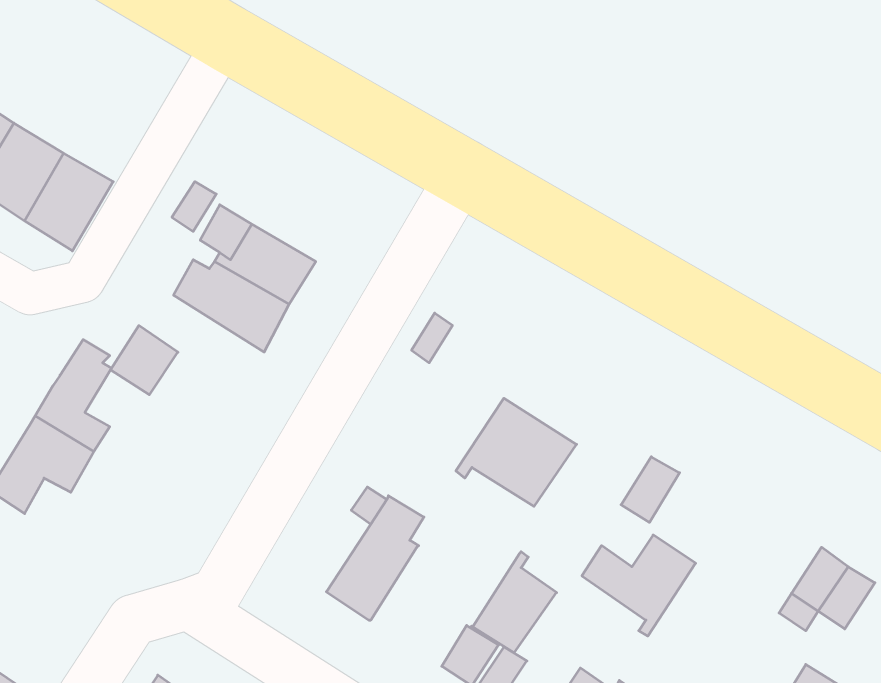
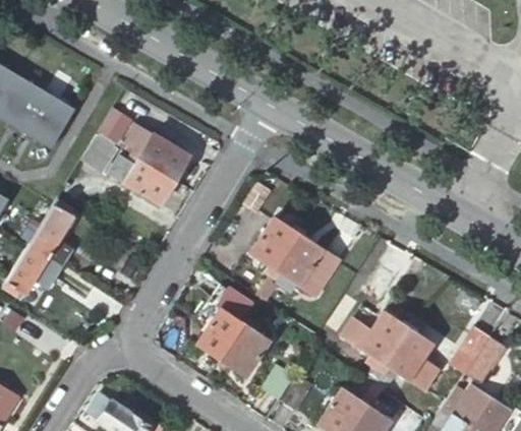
building: [110,326,178,395] -> [81,133,120,173]
building: none -> [250,217,298,274]
building: [471,552,557,653] -> [221,317,270,375]
building: none -> [381,327,439,389]

